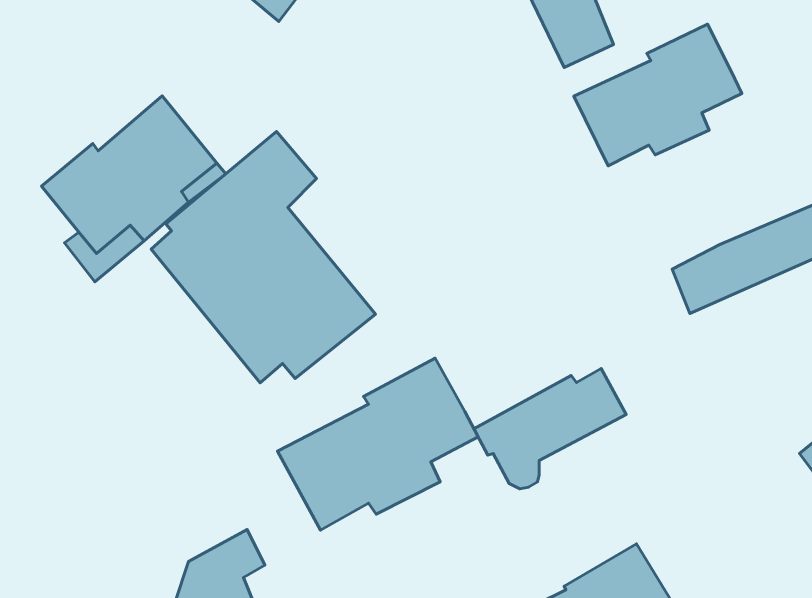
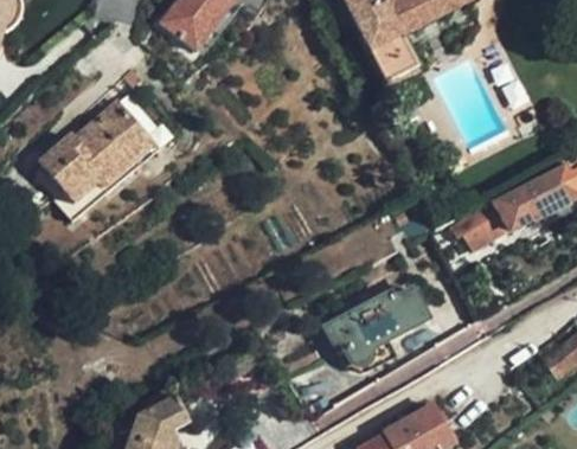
building: [574,24,742,166] -> none
building: [151,131,376,383] -> none
building: [277,358,478,530] -> none

